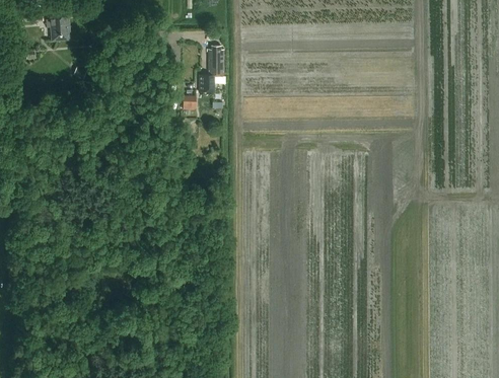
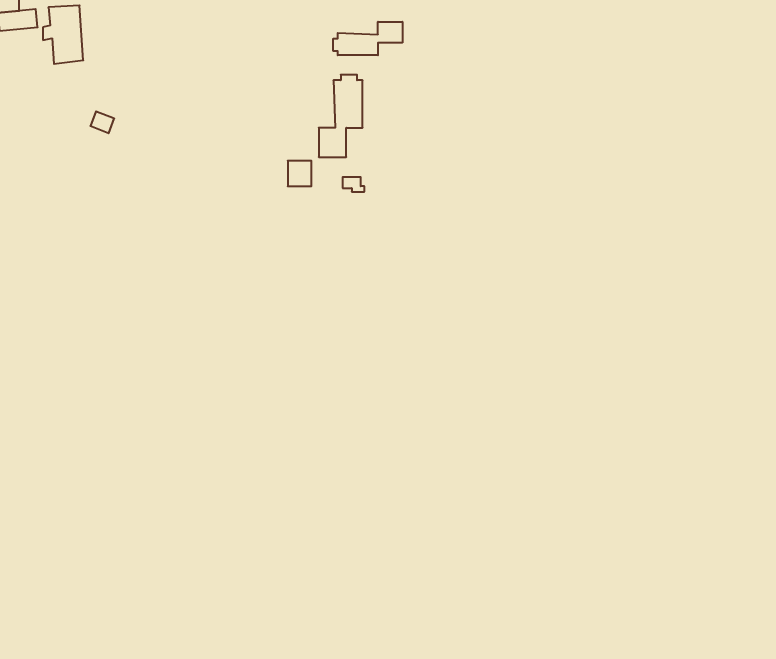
building: none -> [333,22,402,55]

